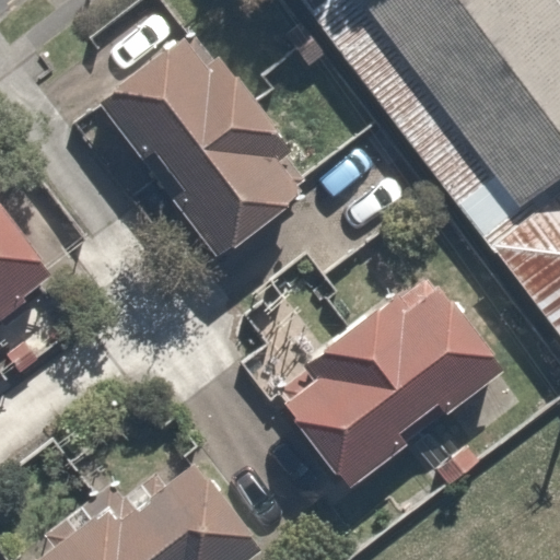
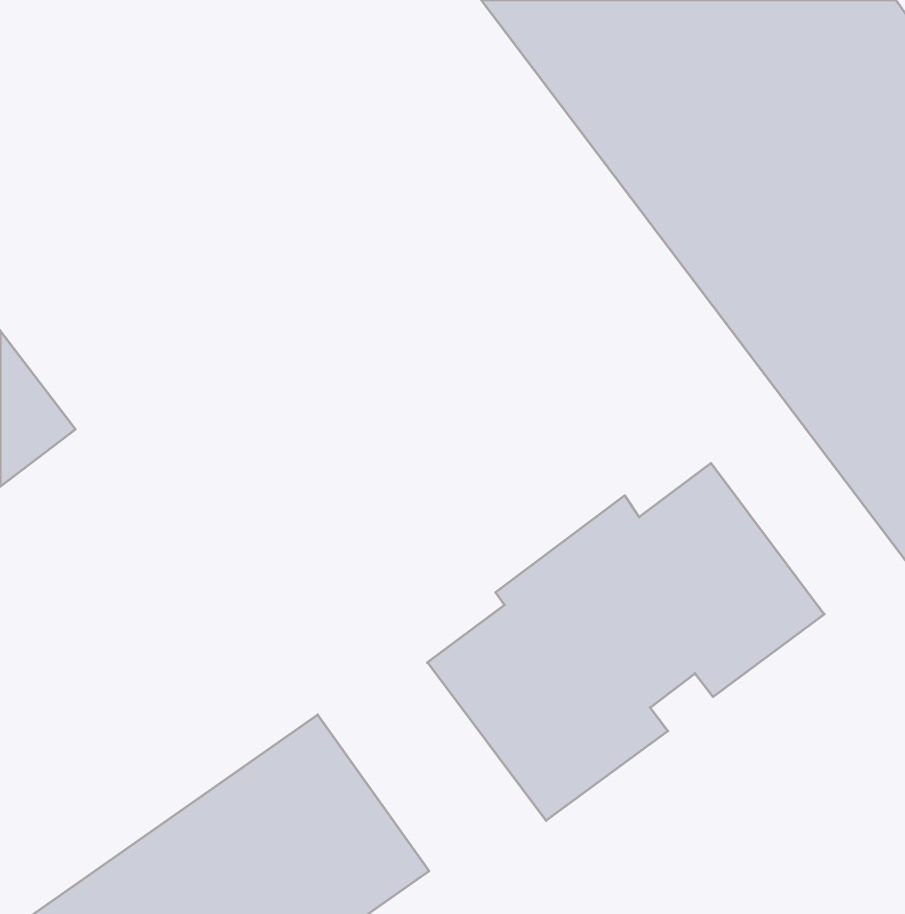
building: [95,18,301,235] -> none

